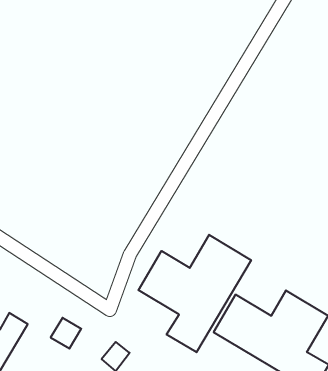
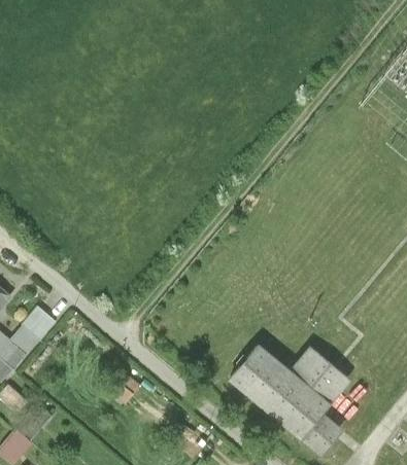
building: [138,235,251,352] -> none
building: [51,318,81,349] -> [21,306,54,338]

